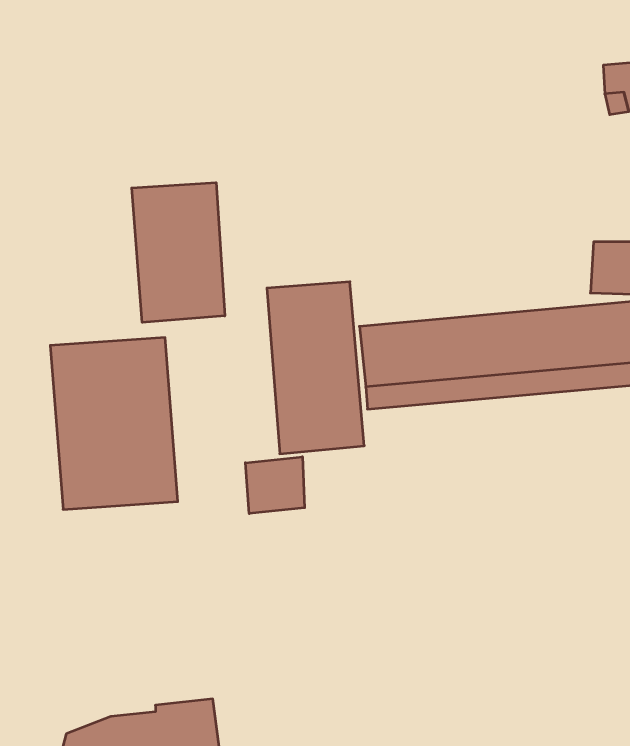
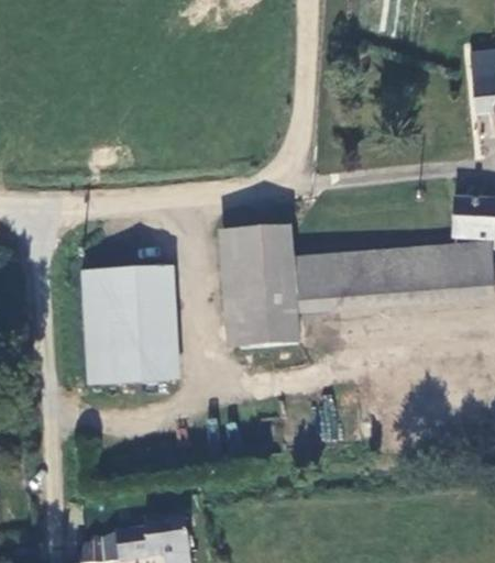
building: [132,183,225,322] -> none
building: [245,457,305,514] -> none

